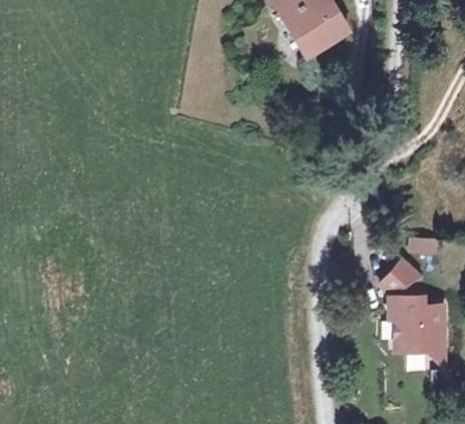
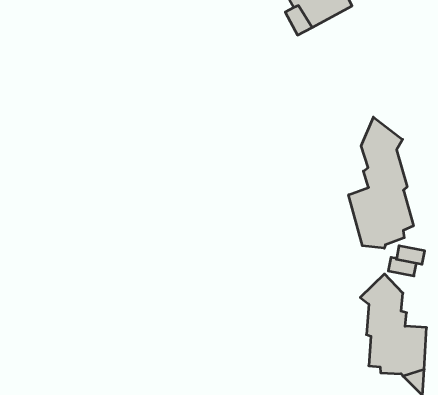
building: none -> [349,117,413,248]

